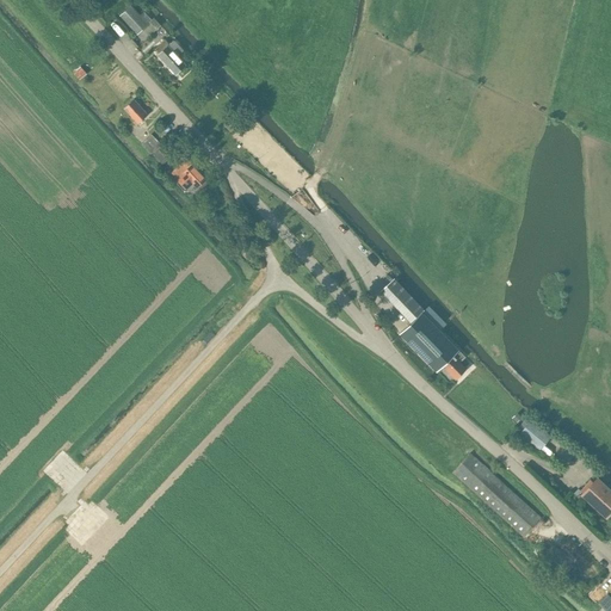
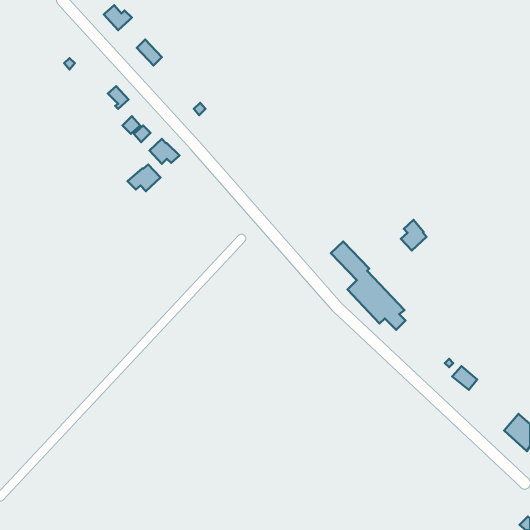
building: none -> [128,164,161,191]
building: none -> [401,220,427,251]
building: [453,453,542,536] -> none

